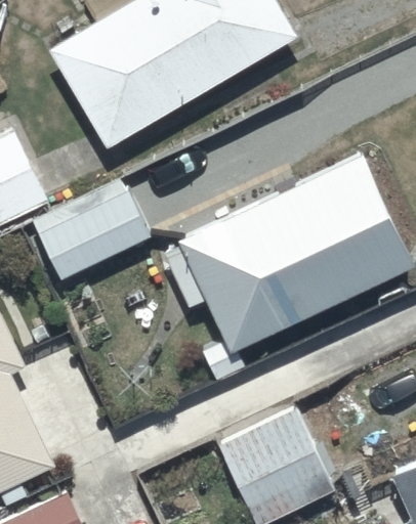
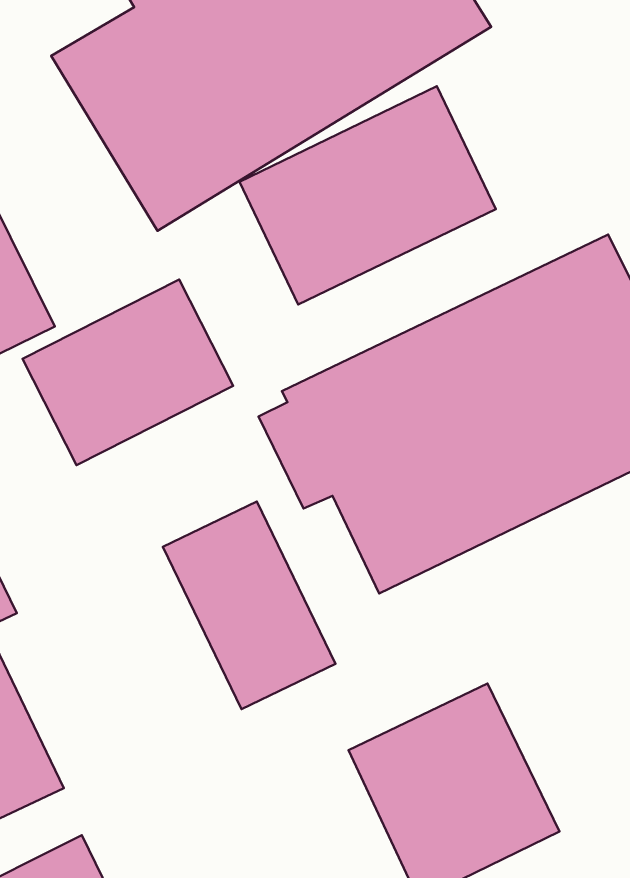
building: none -> [239,86,496,305]
building: none -> [163,502,335,709]

